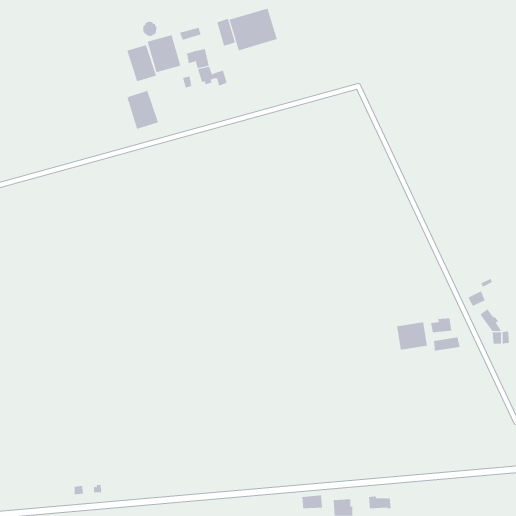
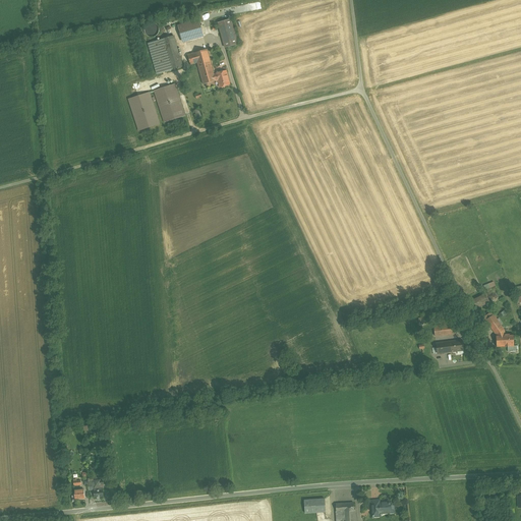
building: [229,8,278,51] -> none
building: [126,44,157,82] -> [154,83,184,121]
building: [397,322,427,350] -> none

